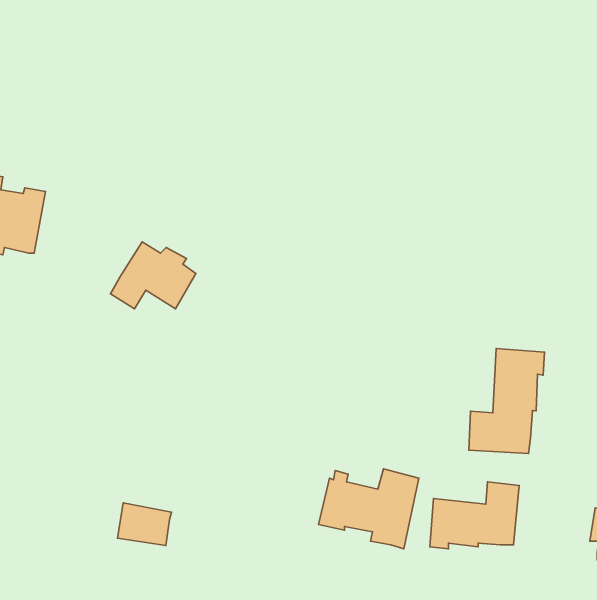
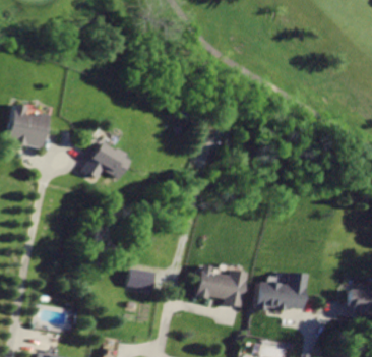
building: [469,349,544,454] -> none
building: [118,503,171,546] -> [127,266,157,290]

